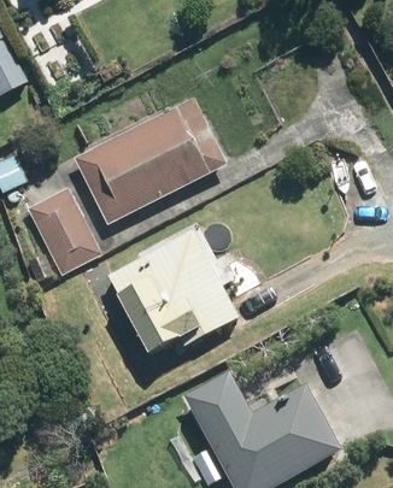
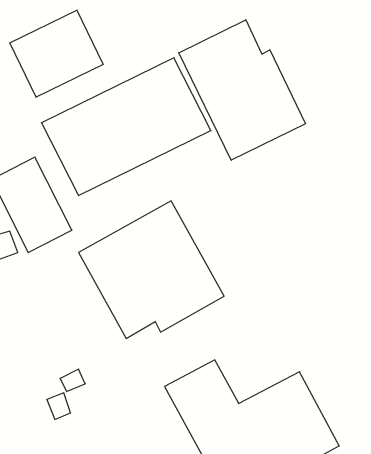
building: none -> [10,10,103,97]
building: none -> [179,20,306,160]

